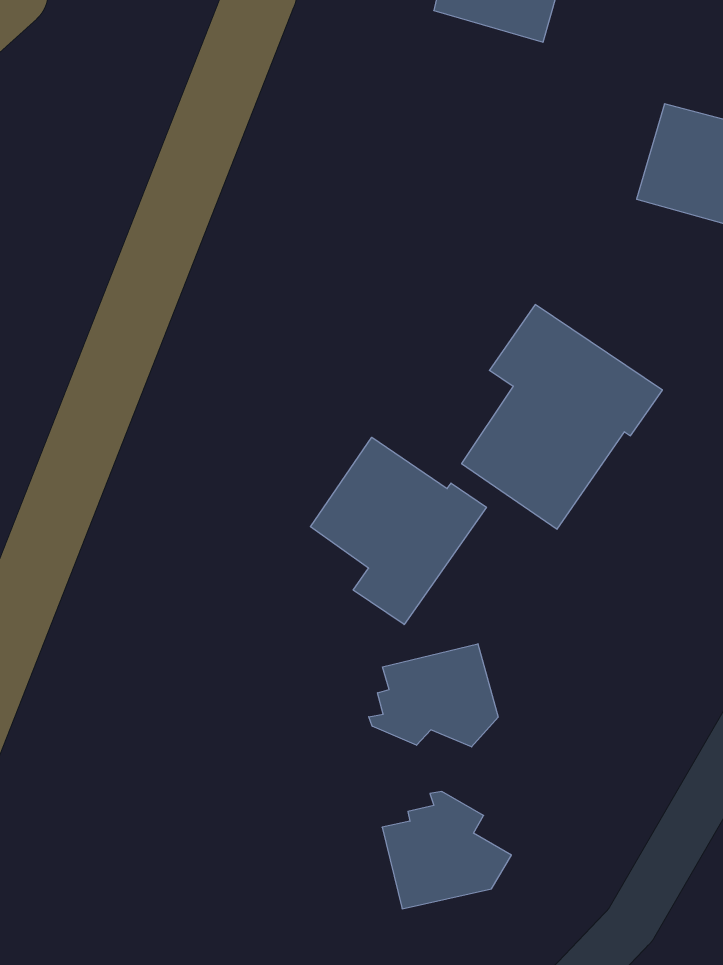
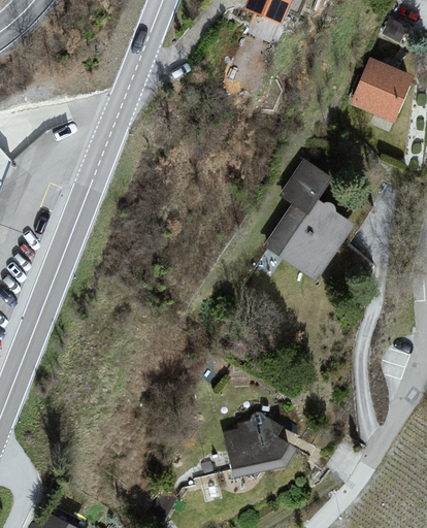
building: [310,437,486,625] -> none
building: [369,644,498,747] -> none

